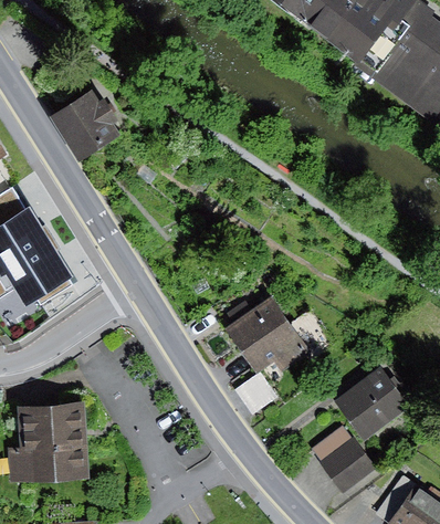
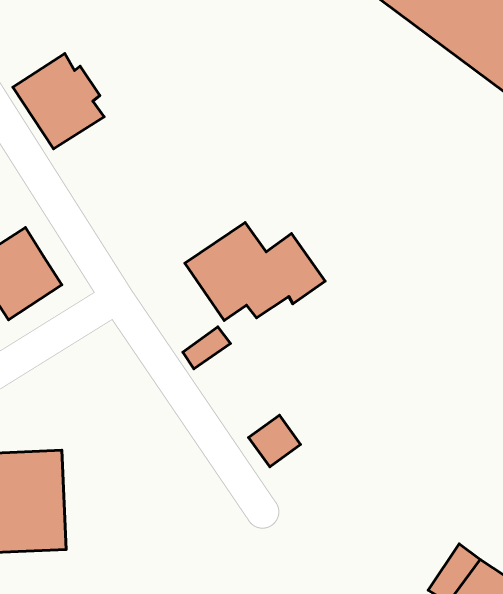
building: [224,297,335,375] -> [185,222,325,320]
building: [334,369,408,442] -> none
building: [308,426,374,492] -> none

